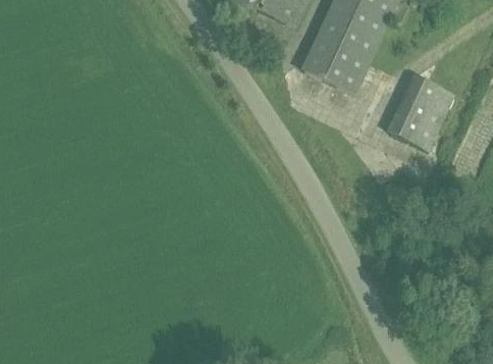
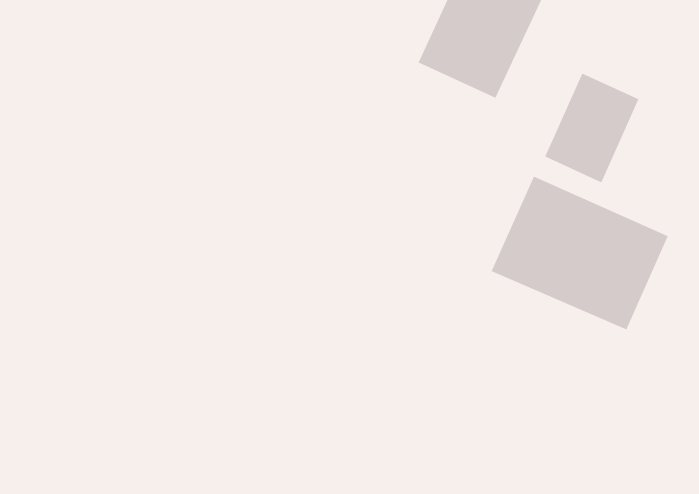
building: none -> [490,176,669,330]

